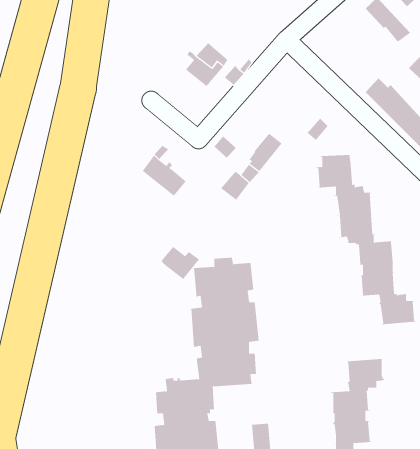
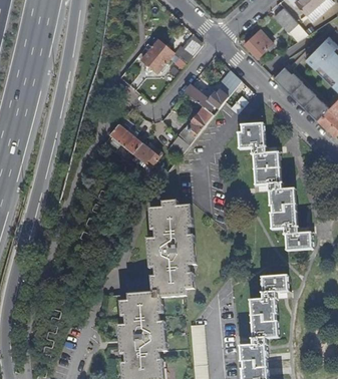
building: none -> [244,27,276,56]
building: none -> [184,75,240,112]
building: [161,246,200,280] -> [132,143,161,168]

